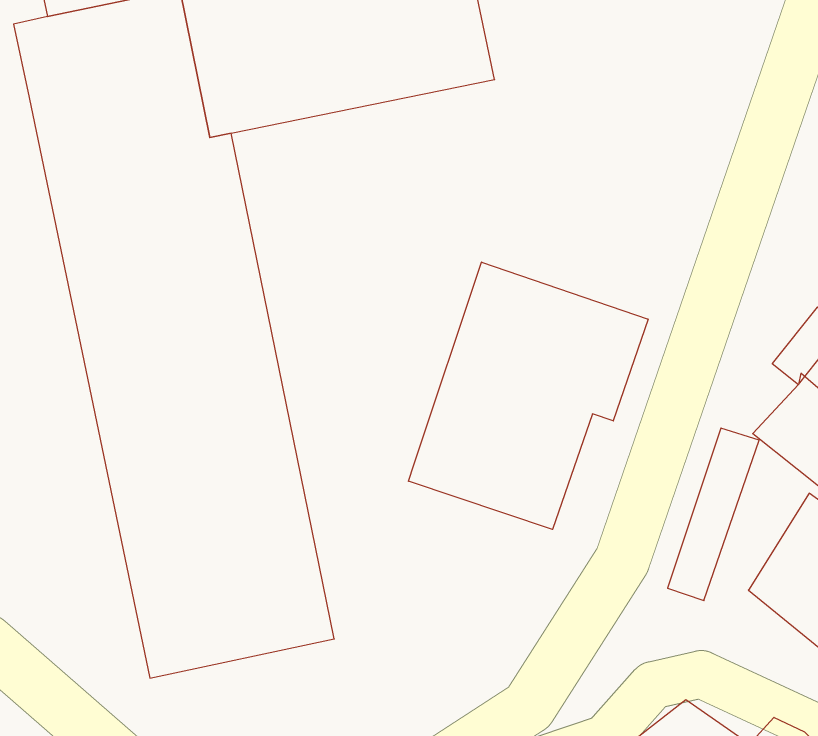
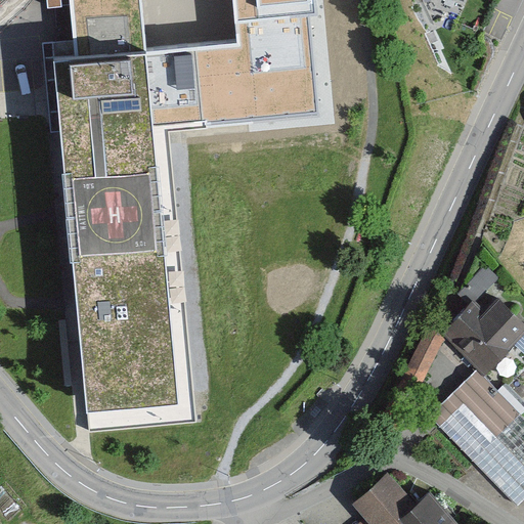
building: [408,262,648,529] -> none

